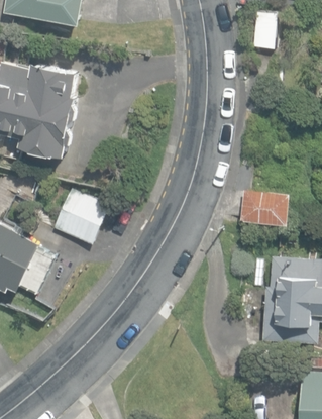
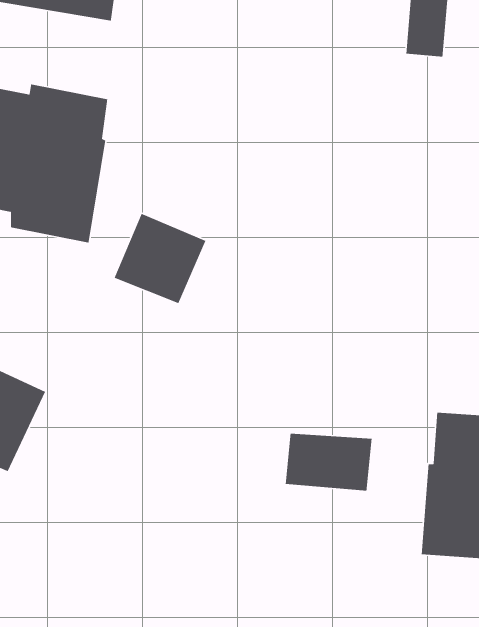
building: [53,190,108,243] -> [114,213,206,304]
building: [239,190,291,224] -> [285,433,372,491]

